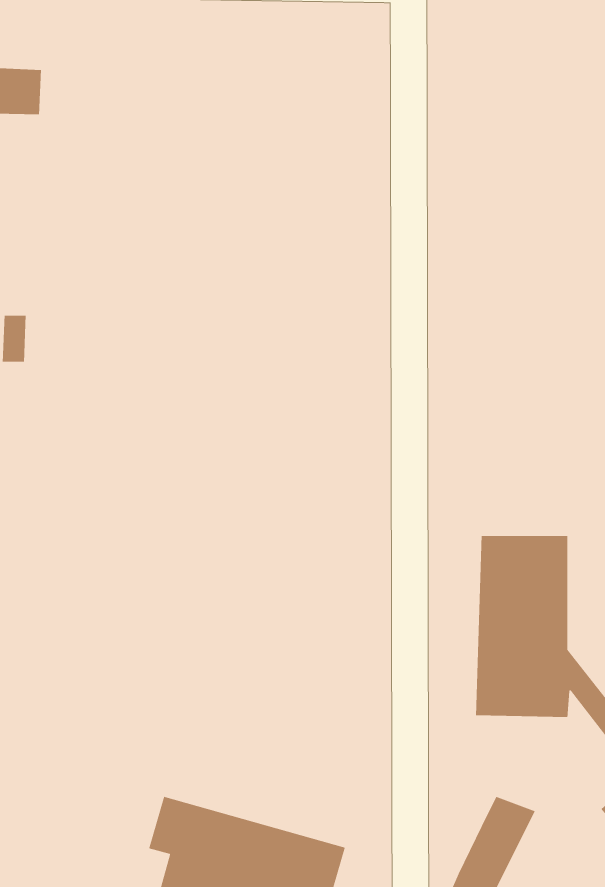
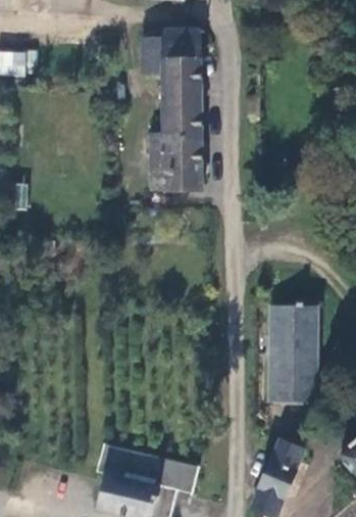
building: none -> [149,32,199,194]

